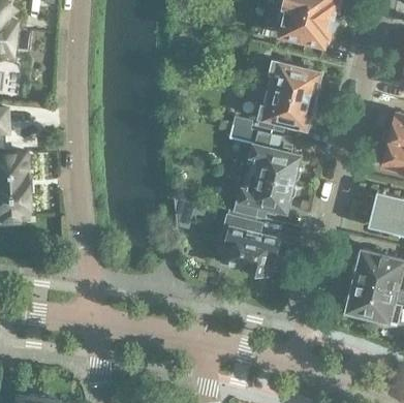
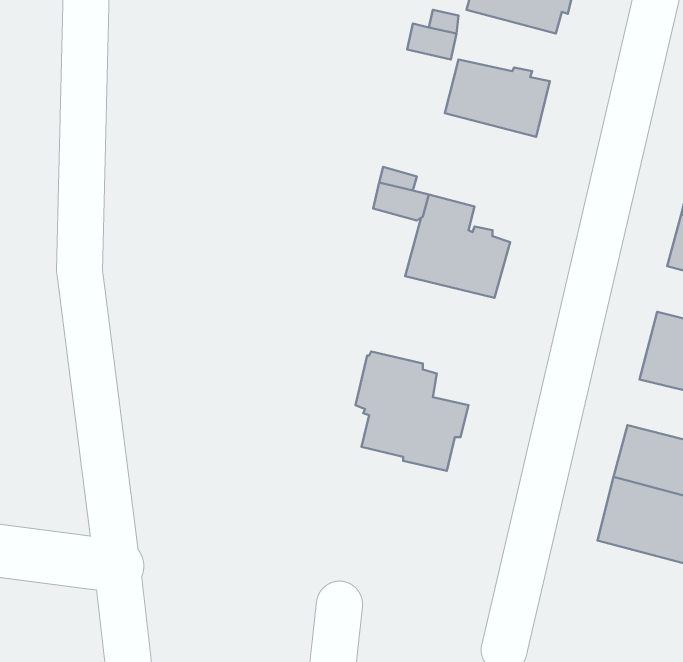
building: [258,87,315,130] -> none
building: [229,172,293,218] -> none

